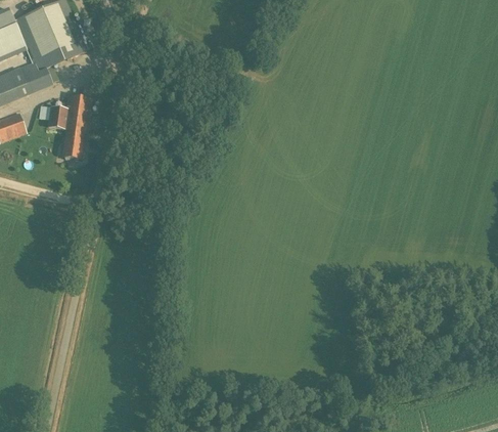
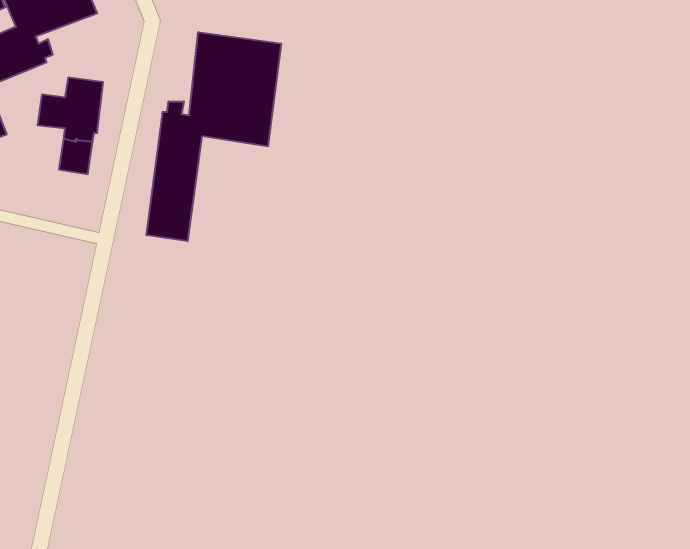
building: none -> [147,32,281,241]

